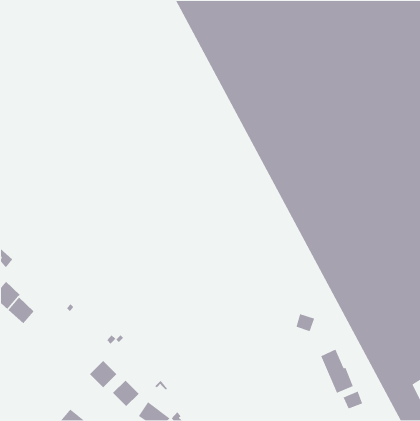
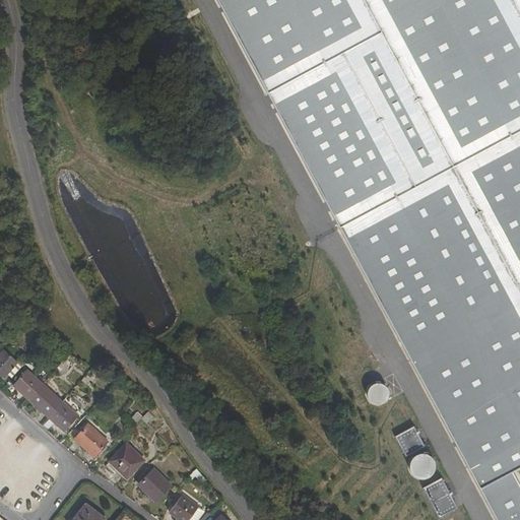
building: none -> [31,384,80,431]
building: none -> [71,419,110,456]

